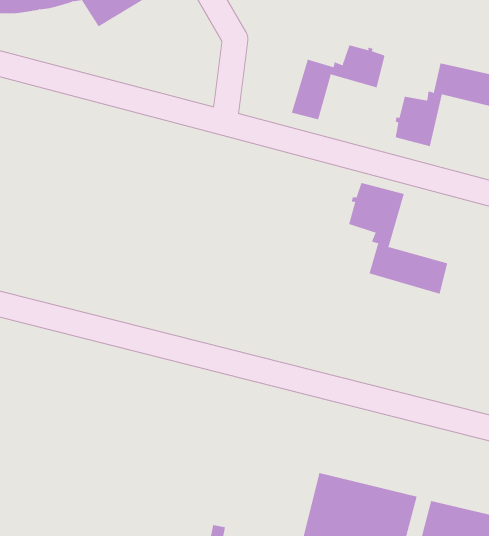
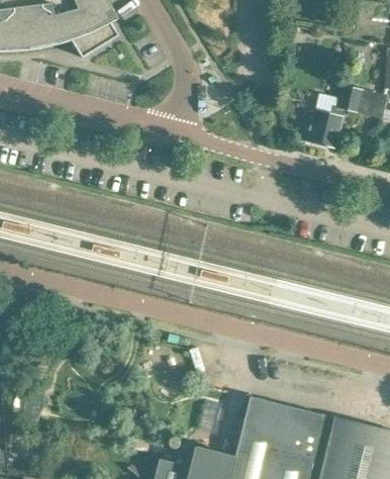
building: [291,44,385,120] -> none
building: [349,182,448,295] -> none

